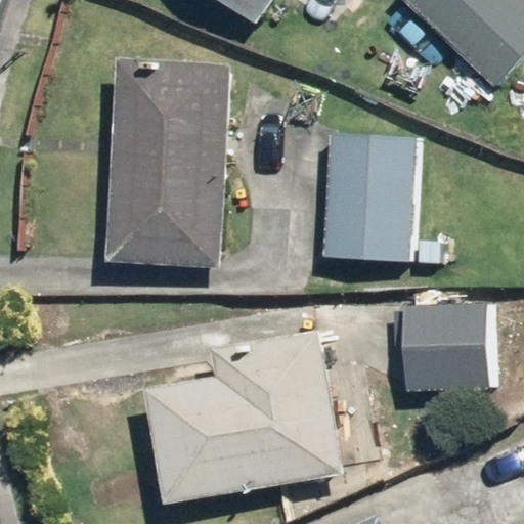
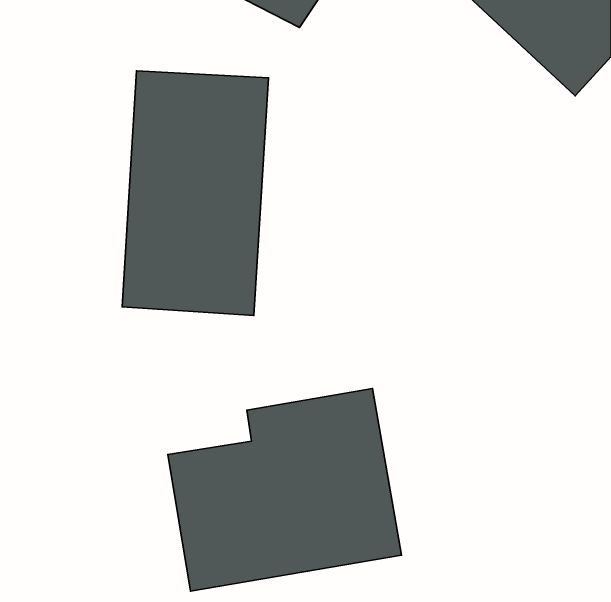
building: [323,134,417,260] -> none
building: [402,300,487,390] -> none

